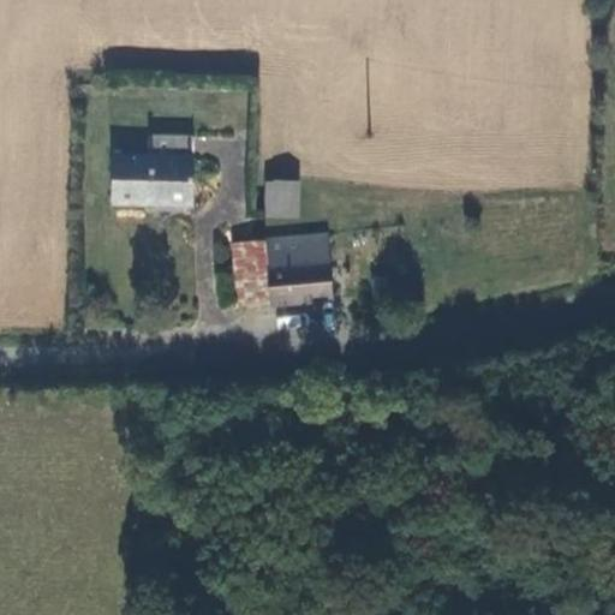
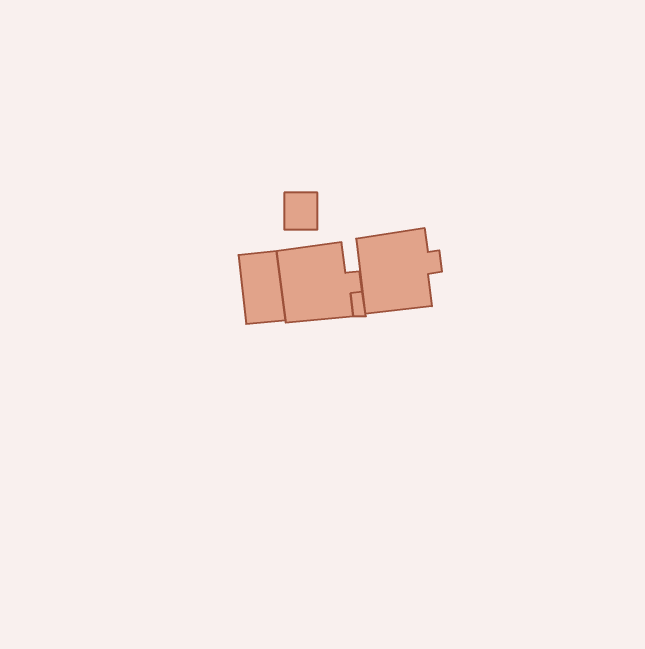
building: [103,136,186,205] -> none
building: none -> [356,228,442,314]

